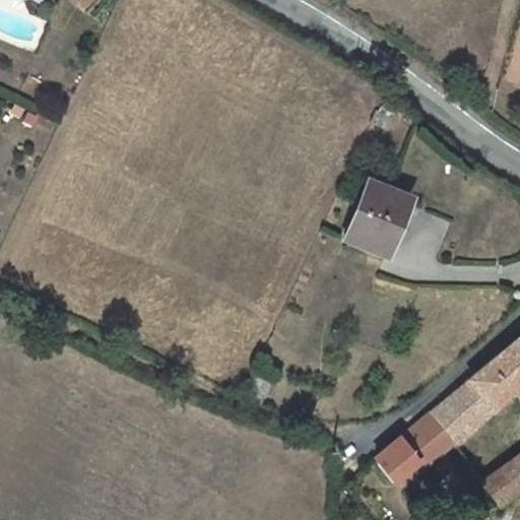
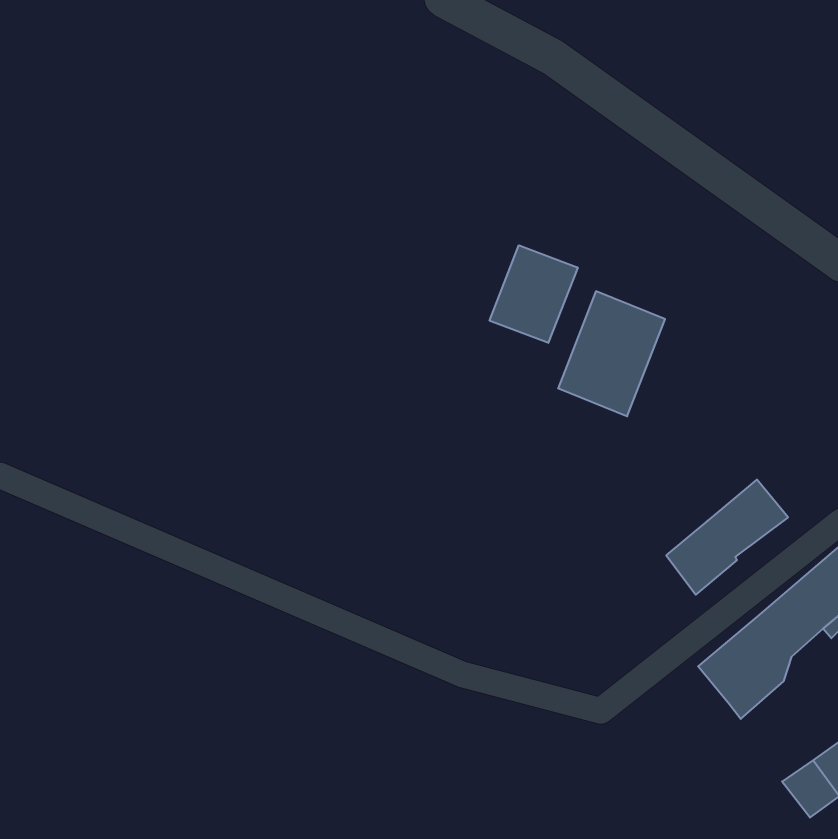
building: none -> [490,245,578,343]
building: [377,411,452,482] -> [666,480,788,595]

